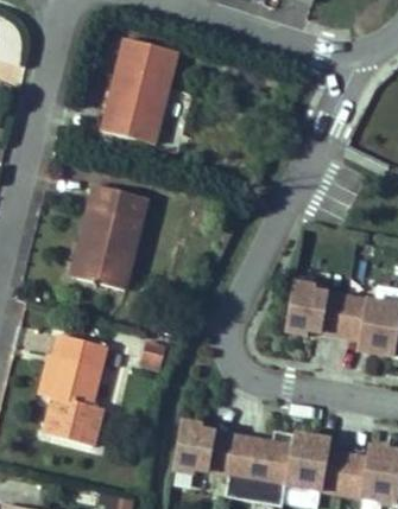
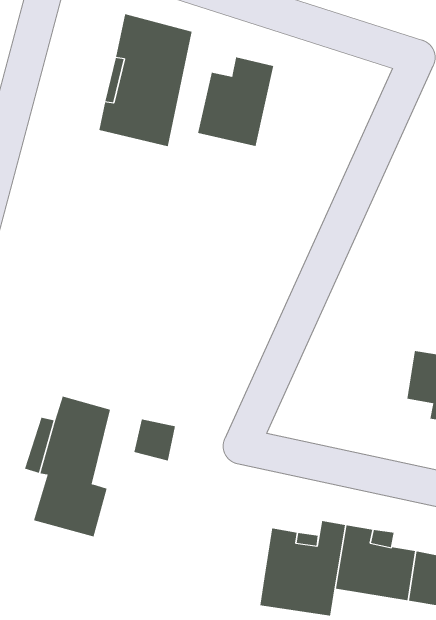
building: none -> [198,57,274,147]
building: [72,183,150,288] -> none
building: [285,284,346,335] -> none
building: [171,421,234,473] -> none

